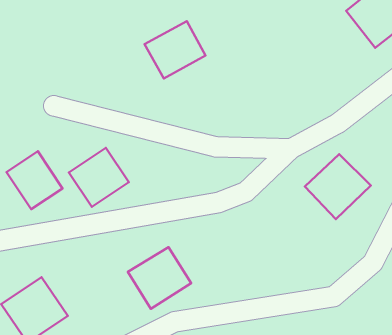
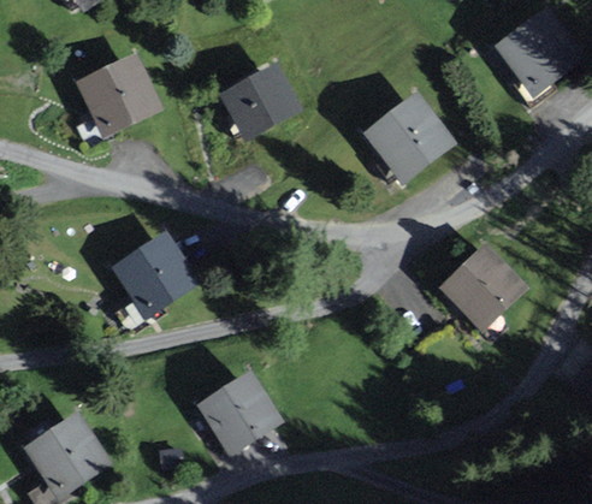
building: none -> [75,53,162,137]
building: none -> [361,90,457,185]
building: [6,151,63,209] -> none

